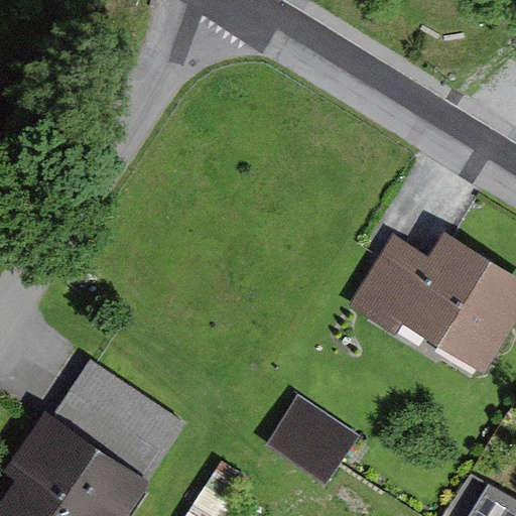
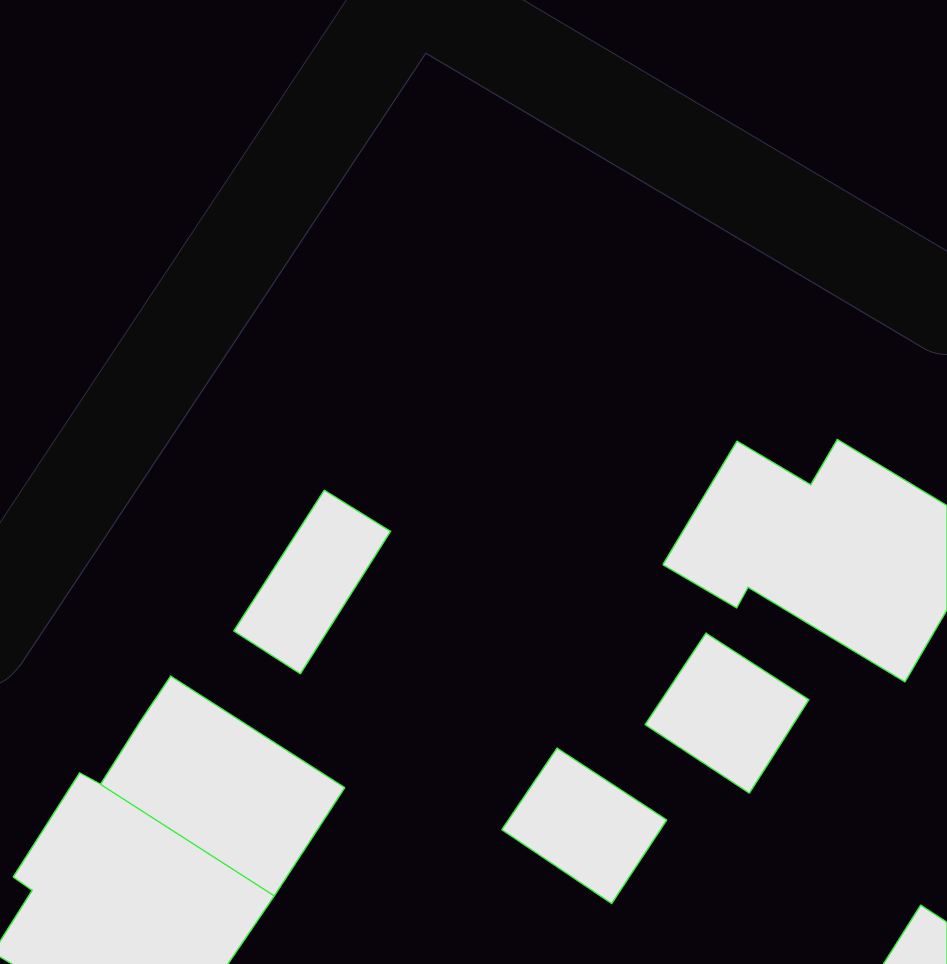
building: none -> [234,490,391,674]
building: none -> [645,633,809,793]

